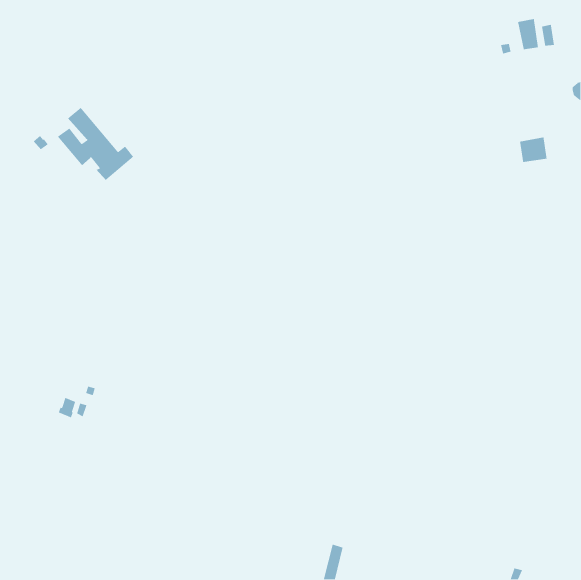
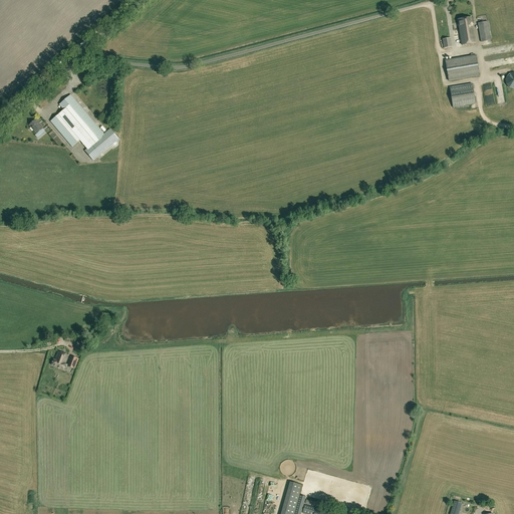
building: none -> [445,54,479,80]
building: [519,137,548,163] -> [450,83,475,106]

